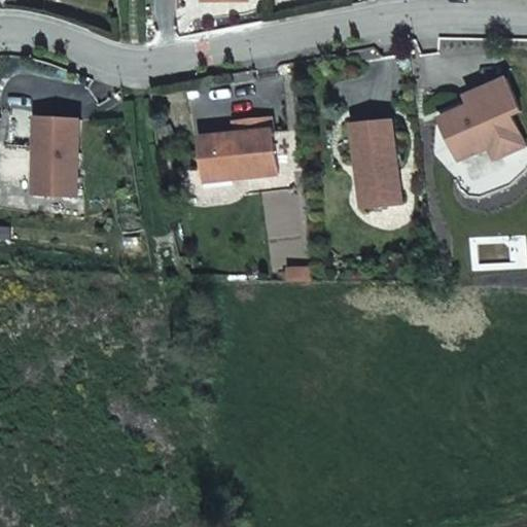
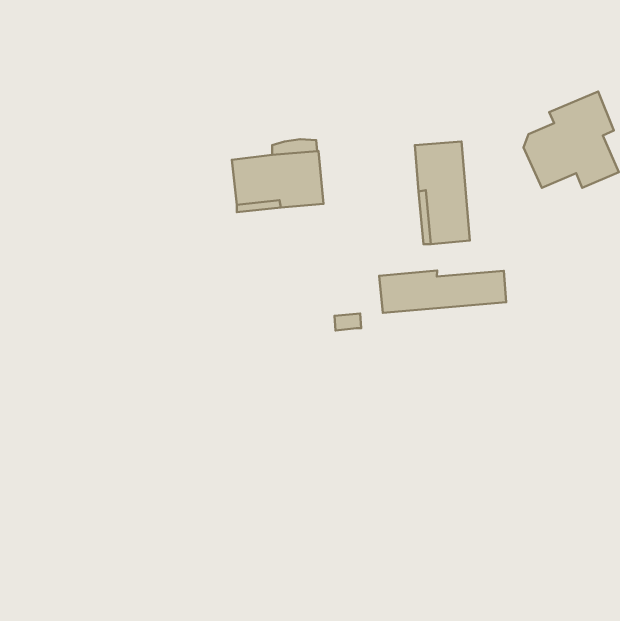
building: [33,117,80,198] -> none
building: none -> [379,270,506,313]

